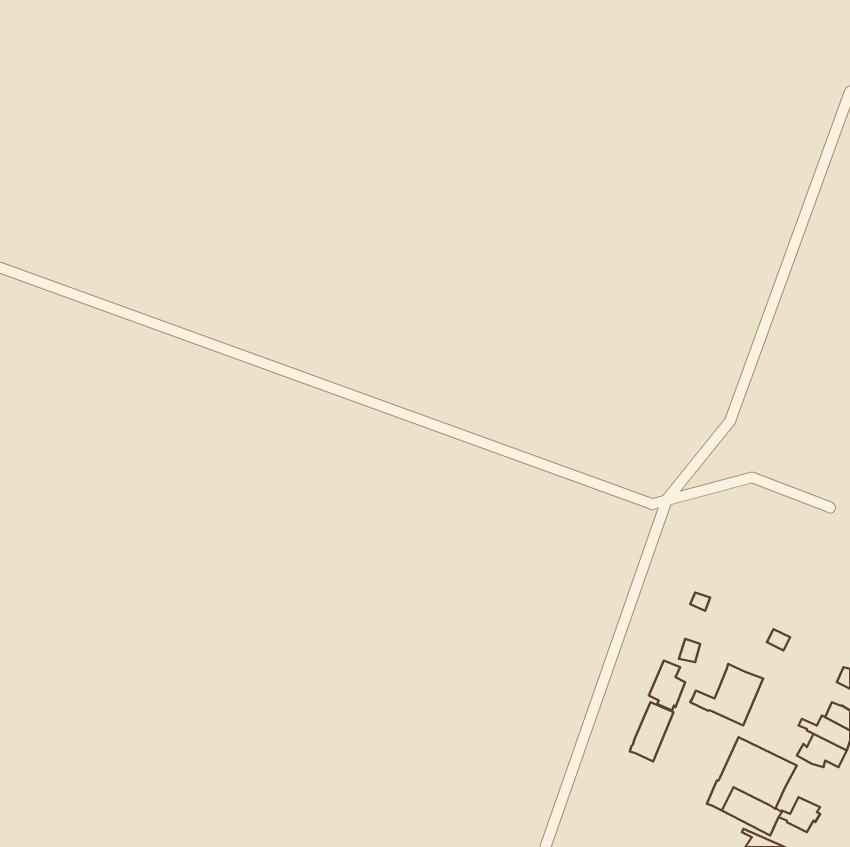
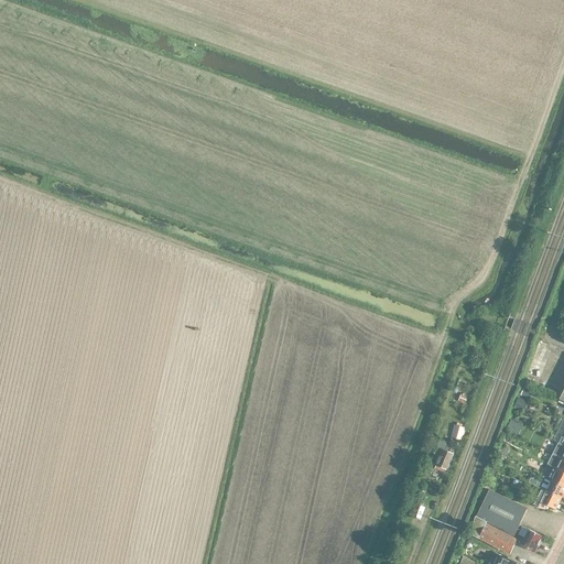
building: [690,664,763,725] -> none
building: [630,702,673,762] -> none

